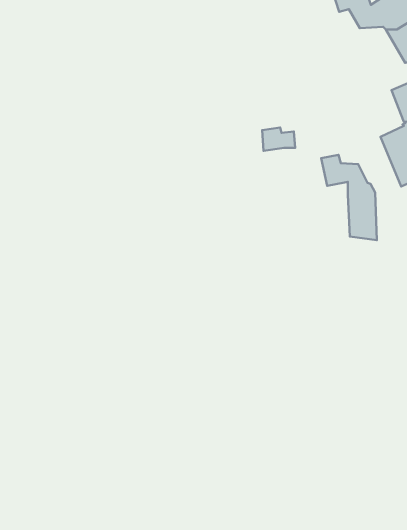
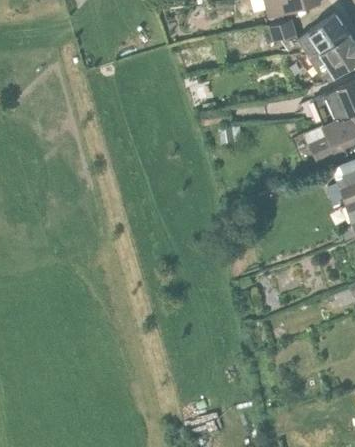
building: [321,155,377,240] -> none

